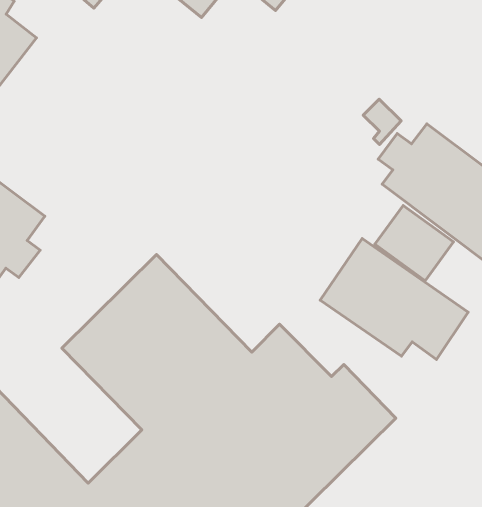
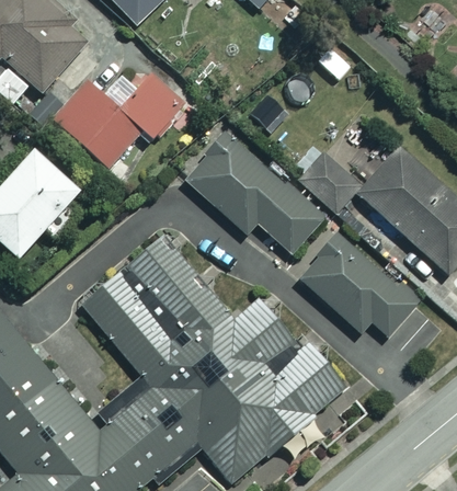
building: none -> [54,75,185,169]
building: none -> [182,132,325,258]
building: [375,205,453,281] -> [296,152,361,216]

